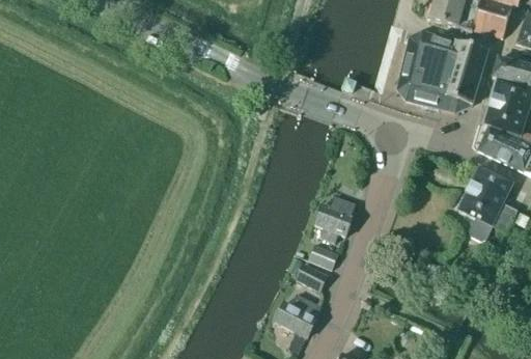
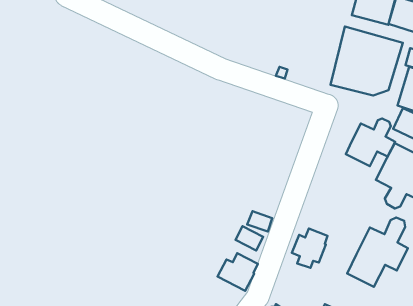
building: none -> [346,119,395,166]
building: [313,196,355,242] -> [292,229,328,268]
building: none -> [347,217,408,287]

